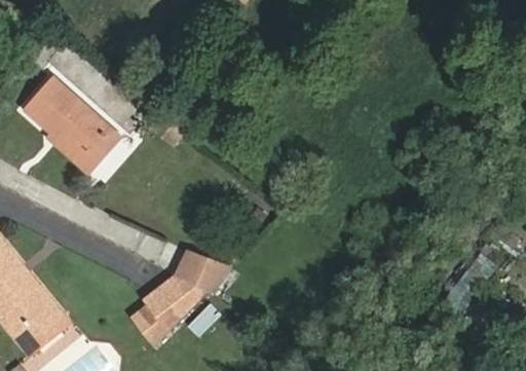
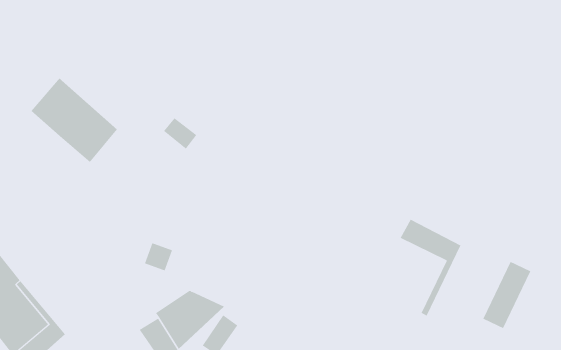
building: [49,126,121,174] -> none
building: none -> [400,219,461,317]
building: [179,253,231,291] -> none

